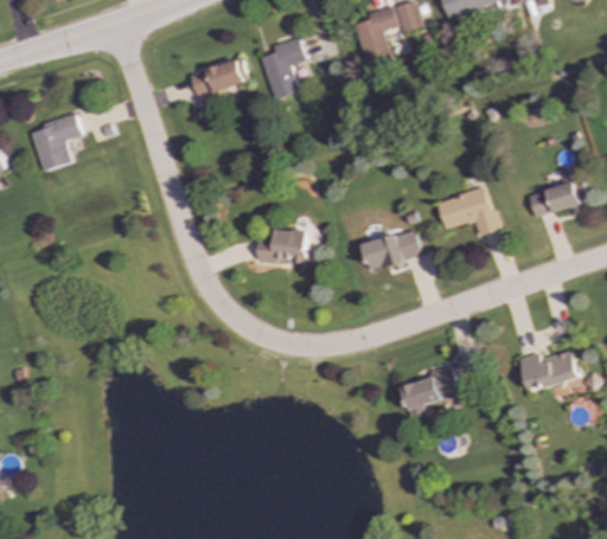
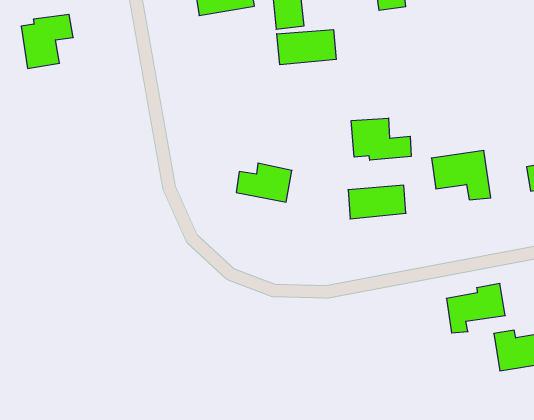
building: none -> [277,30,336,65]
building: none -> [351,118,411,160]
building: [401,365,459,418] -> [446,284,505,333]

